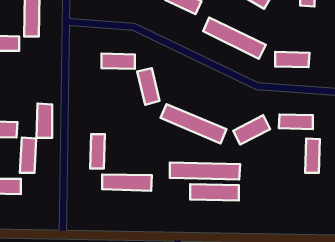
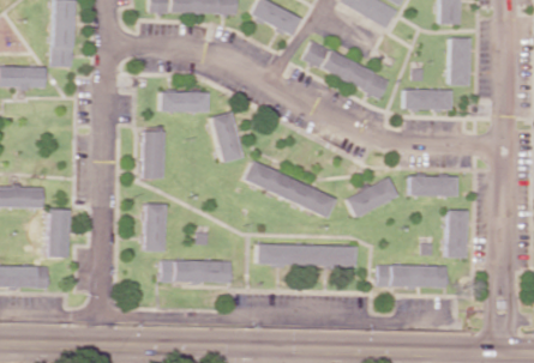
building: none -> [450,37,470,85]
building: [37,104,52,138] -> [143,131,164,179]
building: [190,184,239,200] -> [379,265,448,288]

